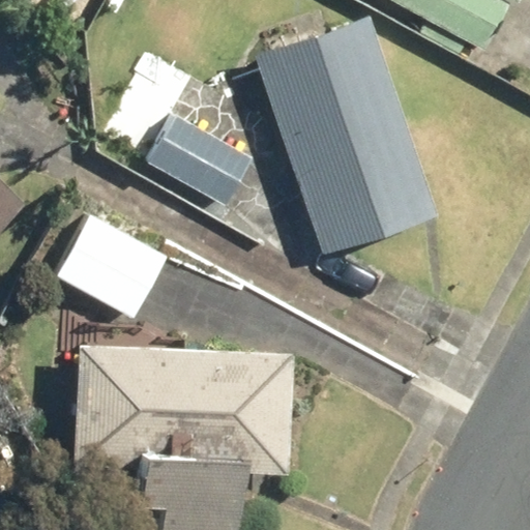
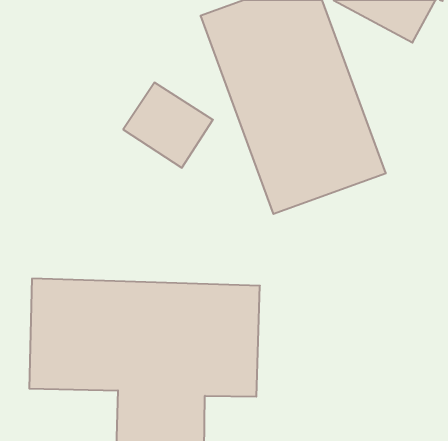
building: [54,216,171,322] -> none

